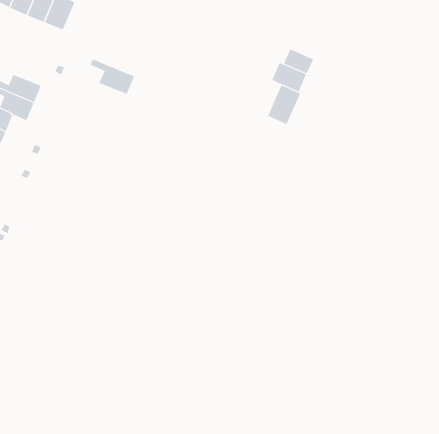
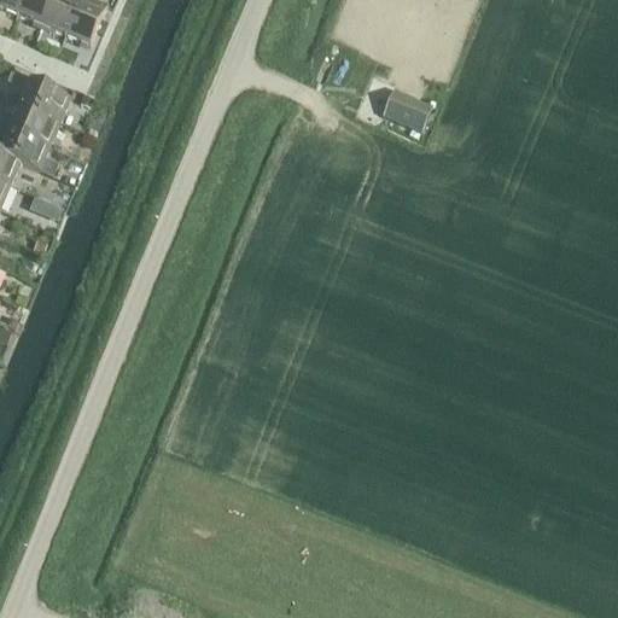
building: [283,49,314,74] -> none
building: [90,59,135,94] -> [6,70,69,119]
building: [267,85,301,125] -> none

